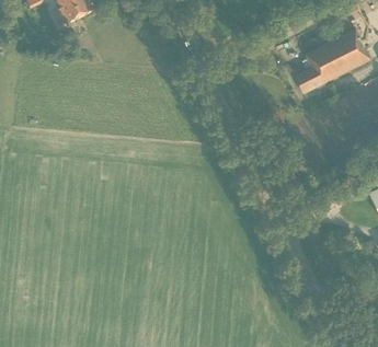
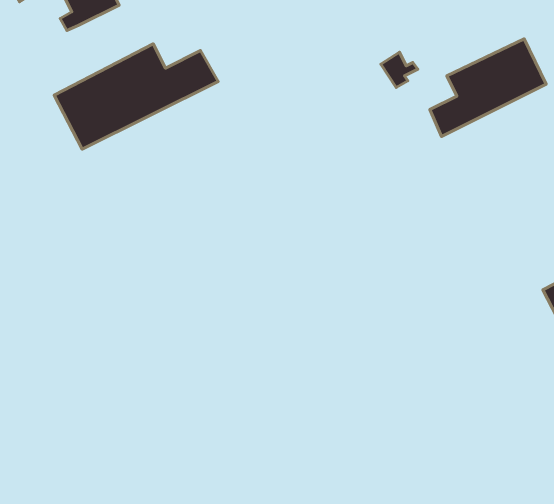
building: none -> [54,44,218,149]

